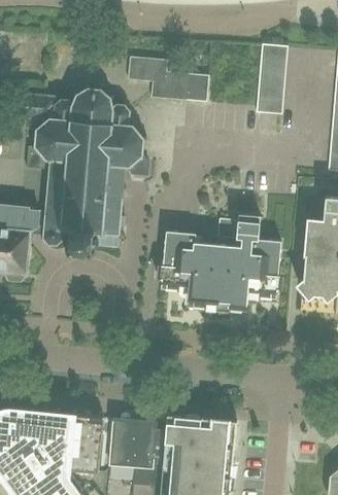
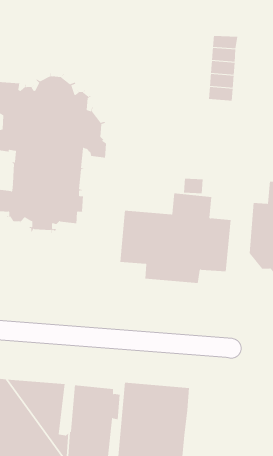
building: [127,58,207,103] -> none

